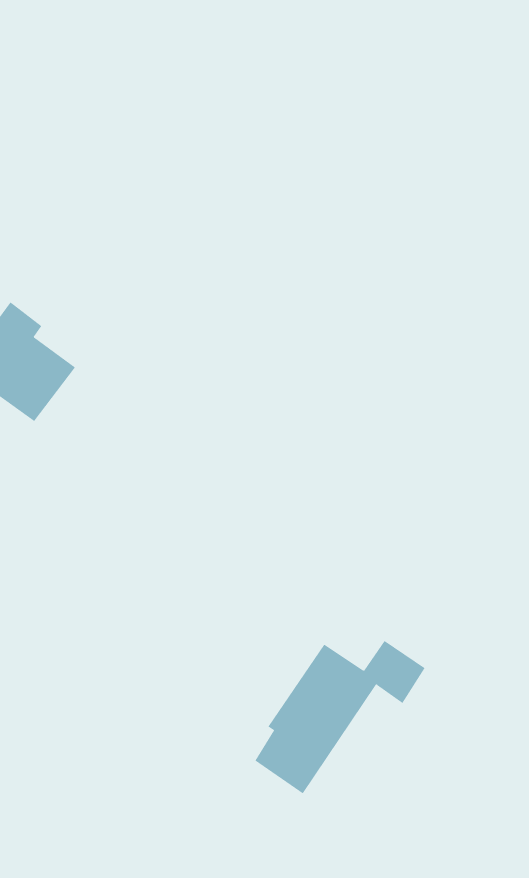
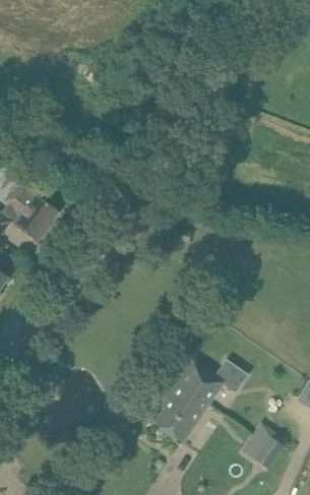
building: none -> [240,434,283,468]

